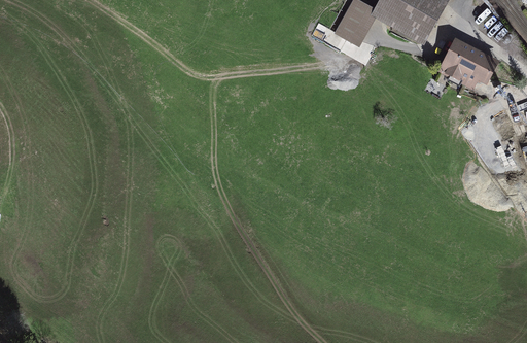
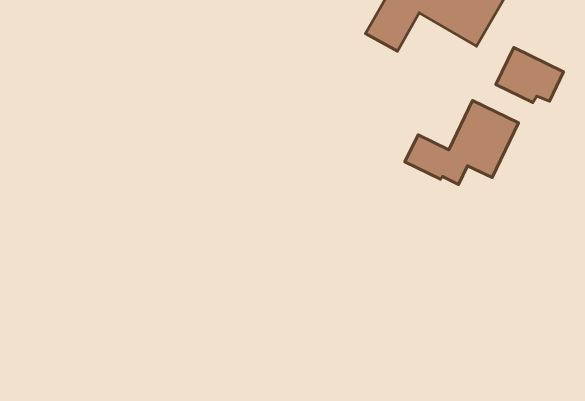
building: none -> [405,101,519,185]

